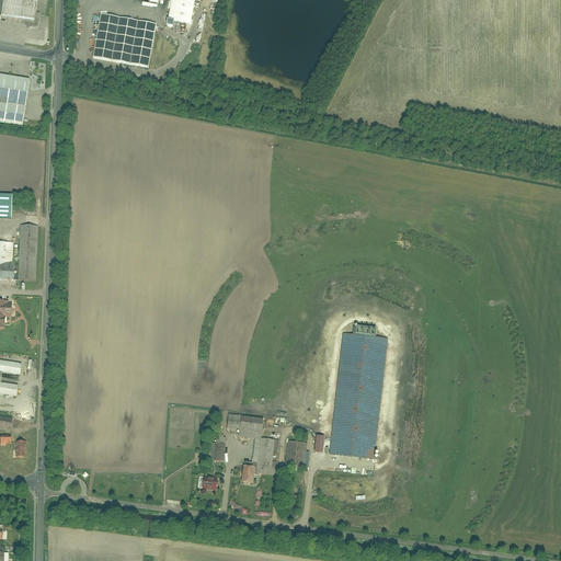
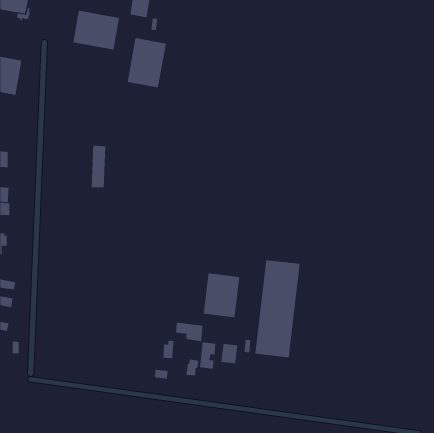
building: none -> [127,37,166,88]
building: [18,224,37,278] -> [91,145,106,188]
building: none -> [203,273,240,318]

